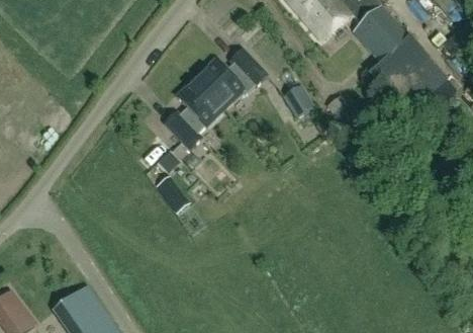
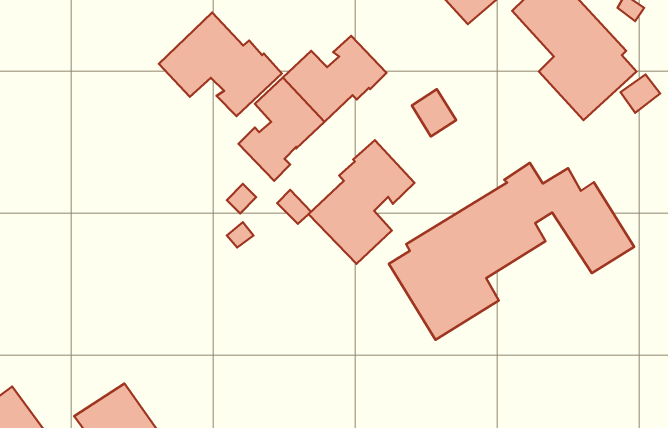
building: none -> [159,13,282,116]
building: none -> [309,140,414,264]
building: none -> [389,163,634,340]

